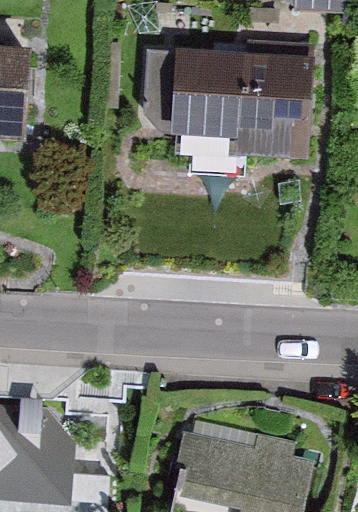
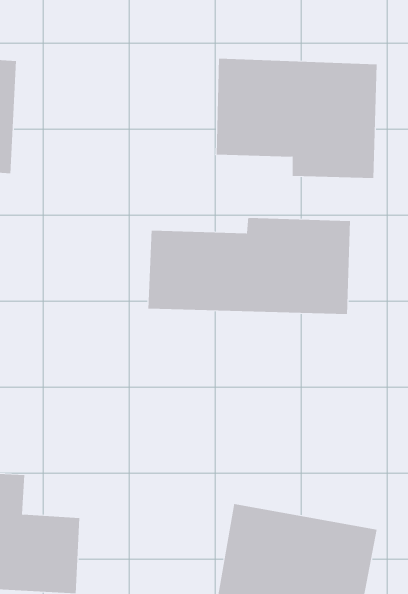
building: none -> [148,217,350,315]

